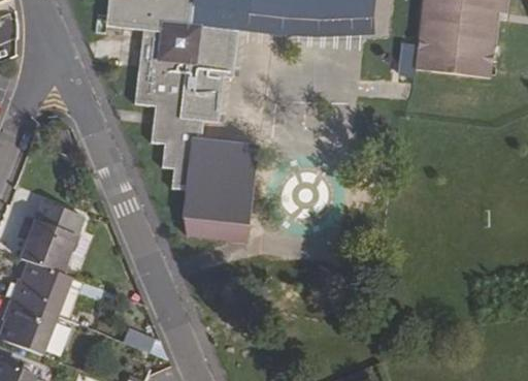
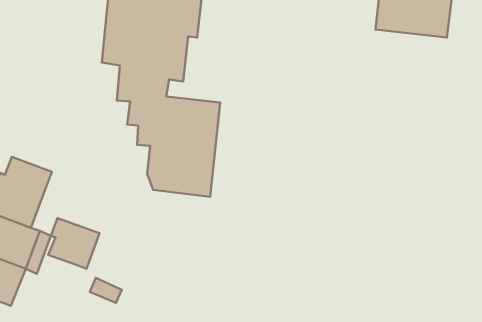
building: none -> [48,218,100,269]

